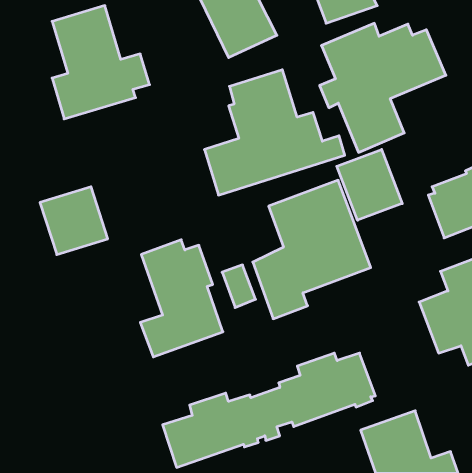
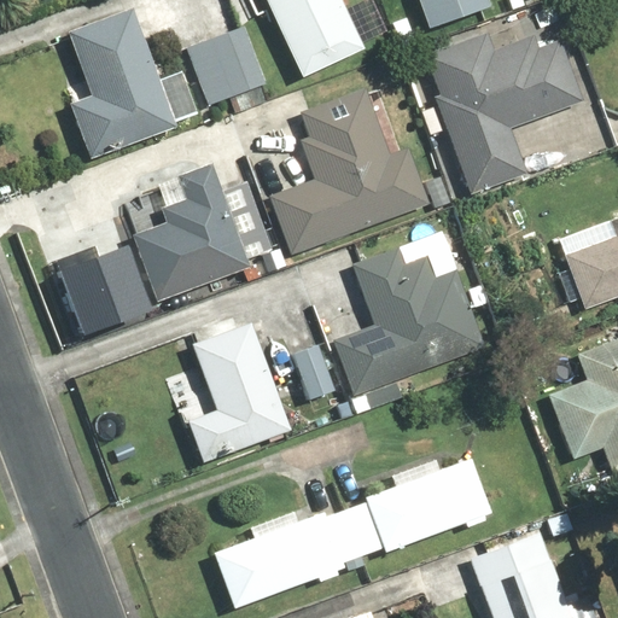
building: none -> [188,24,268,105]
building: none -> [134,163,275,303]
building: [337,149,402,220] -> none

